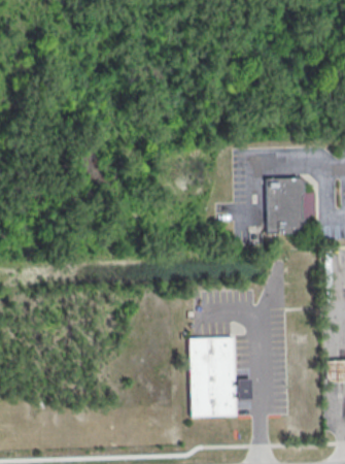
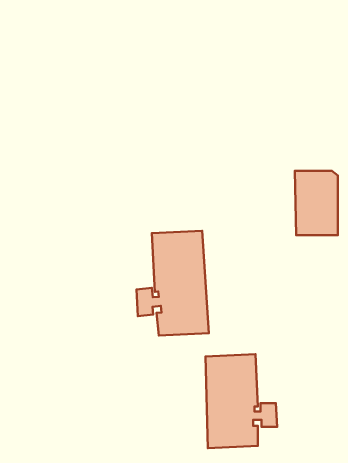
building: none -> [137,231,209,336]

